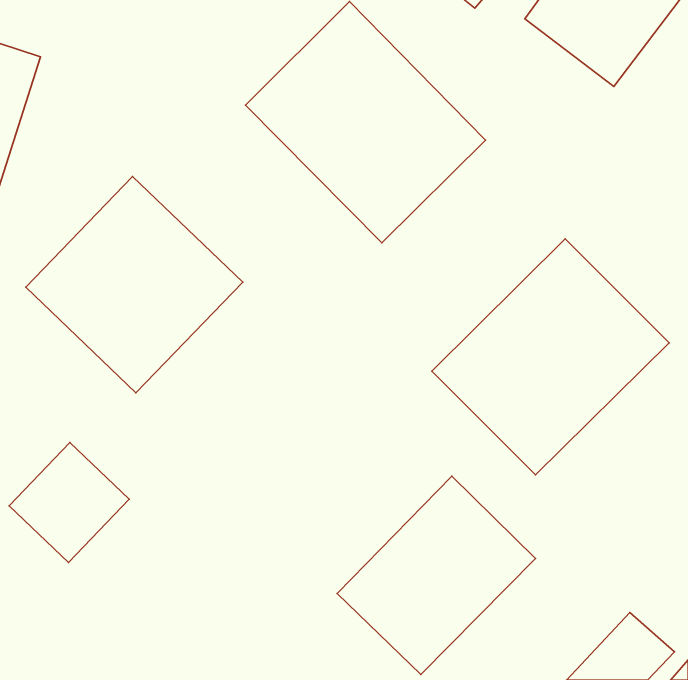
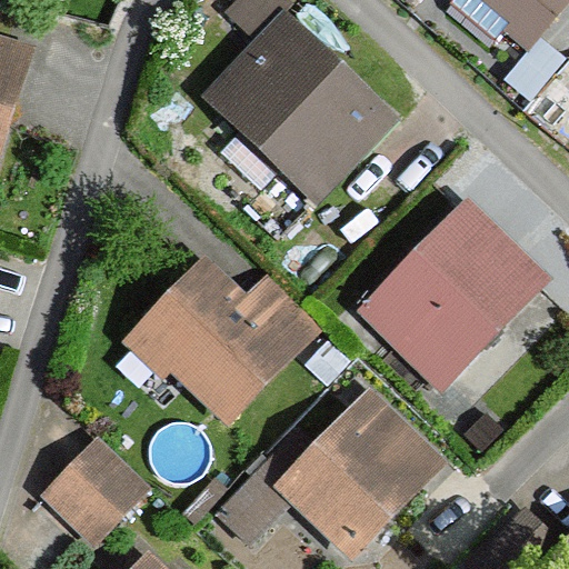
building: [26,177,243,393] -> none
building: none -> [124,264,316,429]
building: [9,442,129,562] -> [47,445,146,543]

